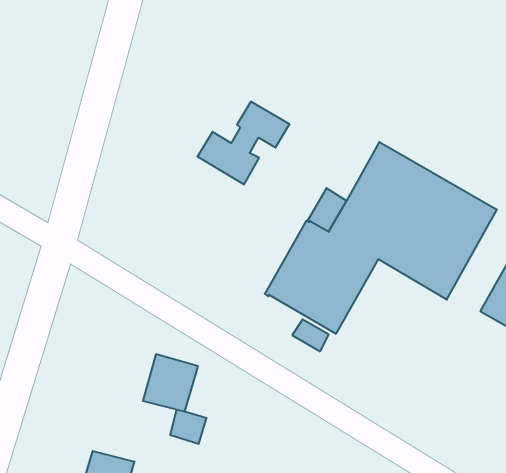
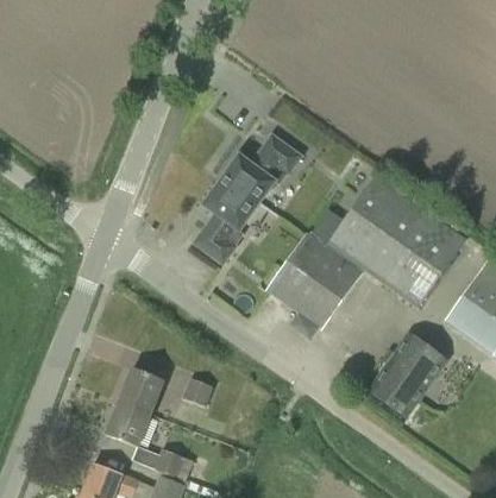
building: none -> [194,172,260,261]
building: none -> [368,332,447,416]
building: [143,354,198,411] -> [117,366,164,415]

